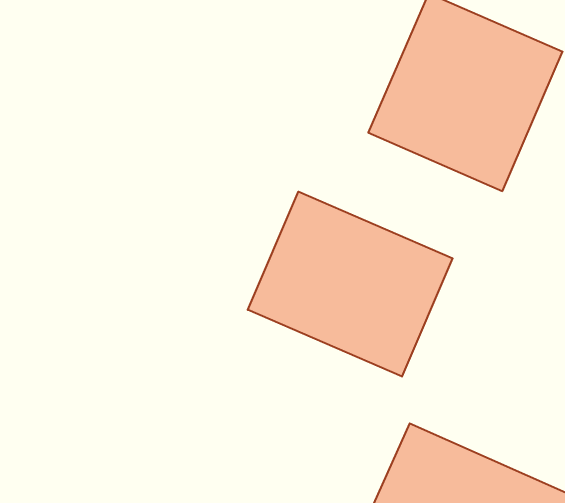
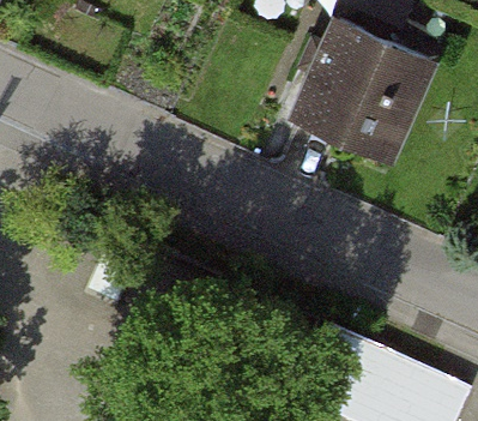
building: [248,192,453,377] -> none

